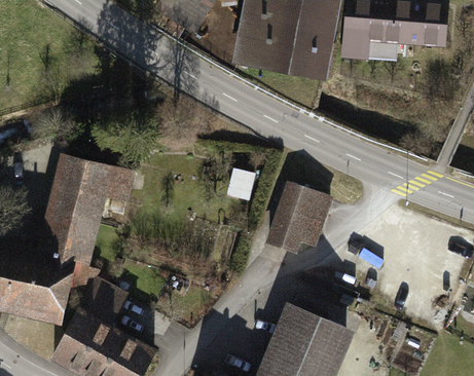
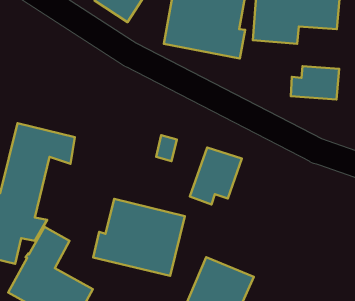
building: none -> [291,66,339,99]
building: none -> [93,199,185,276]

